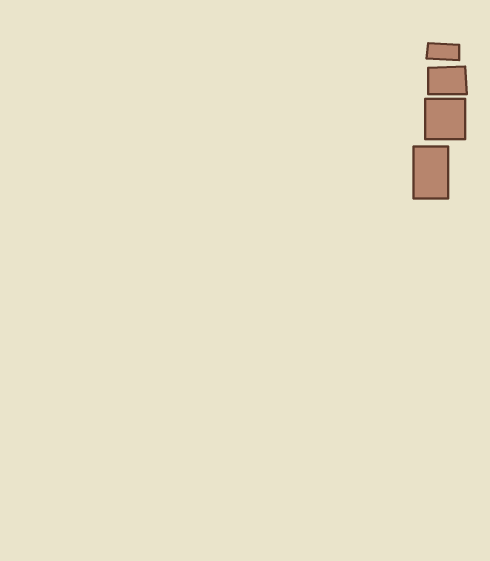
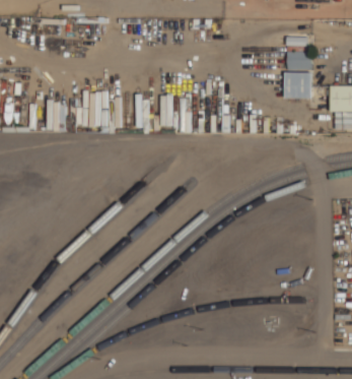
building: [414,146,448,198] -> none

